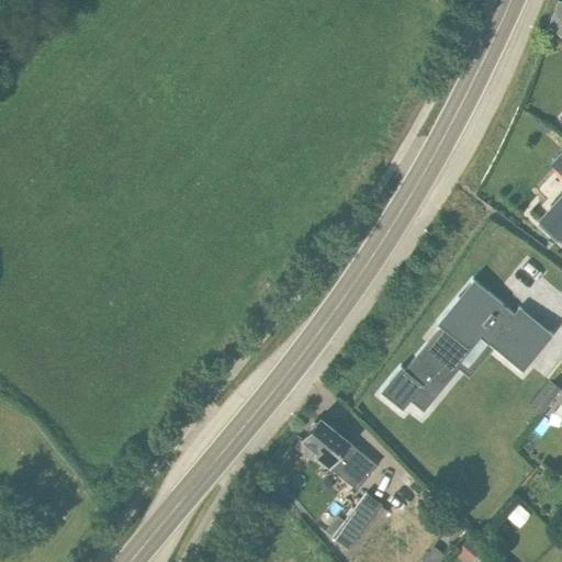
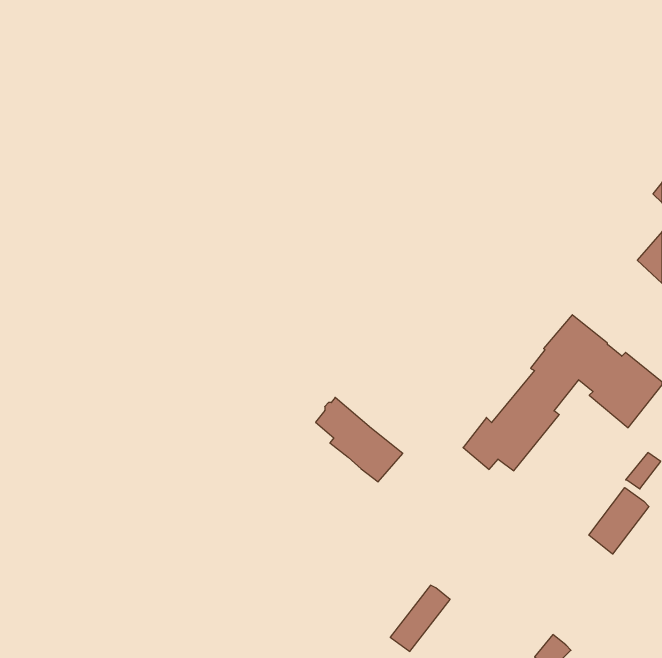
building: none -> [589,488,649,554]
building: [301,424,374,495] -> [316,397,403,482]

